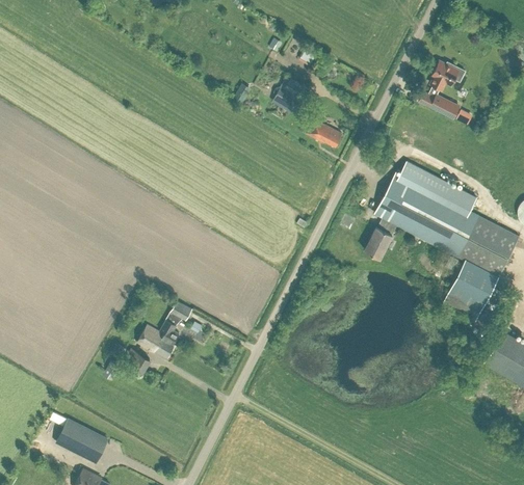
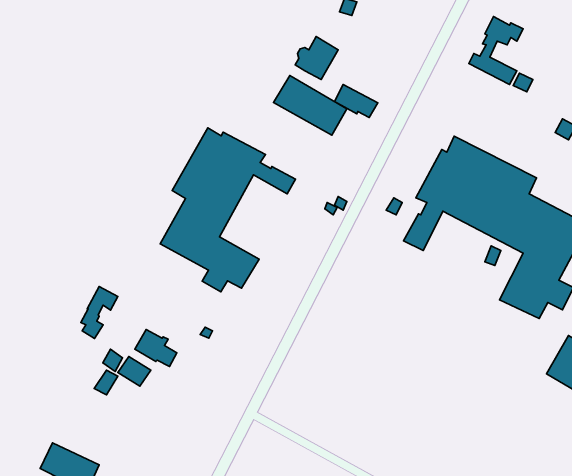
building: none -> [273,76,347,135]
building: none -> [160,128,296,292]
building: [161,301,192,345] -> [81,287,118,338]

